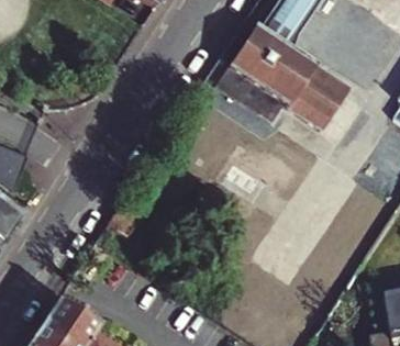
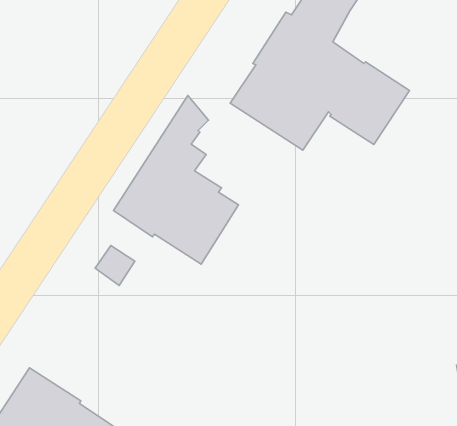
building: none -> [113,95,239,264]

